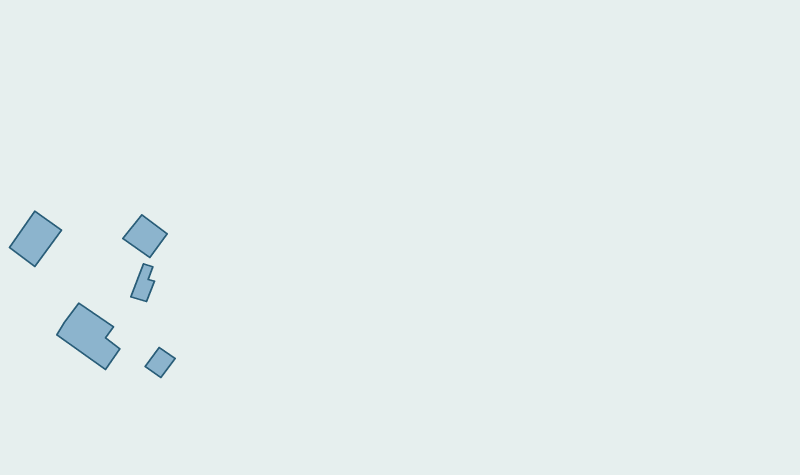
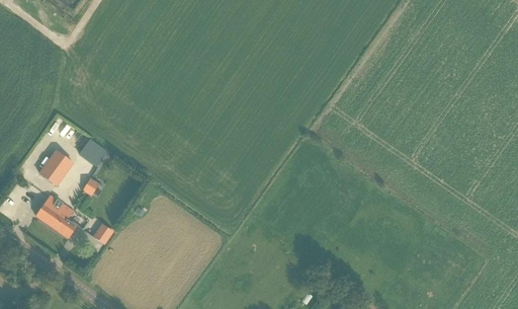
building: [10,211,62,266] -> [39,150,73,185]

